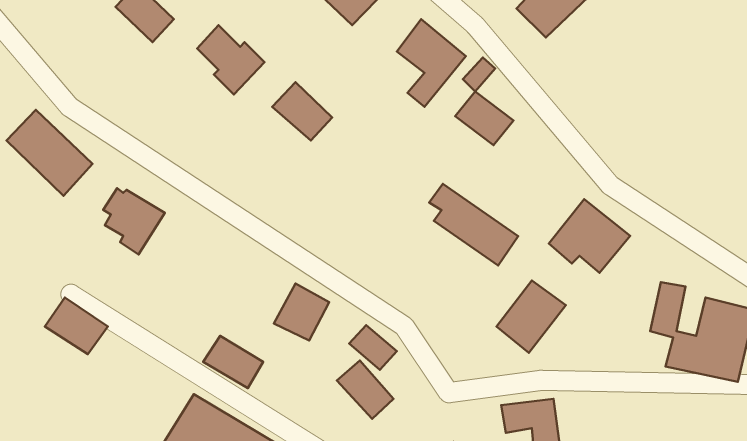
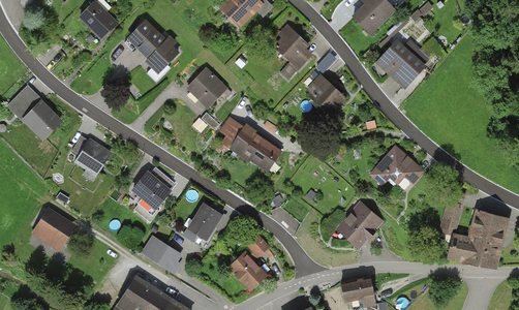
building: none -> [379,42,423,84]
building: [429,184,518,265] -> [217,118,277,173]
building: none -> [131,169,174,210]

